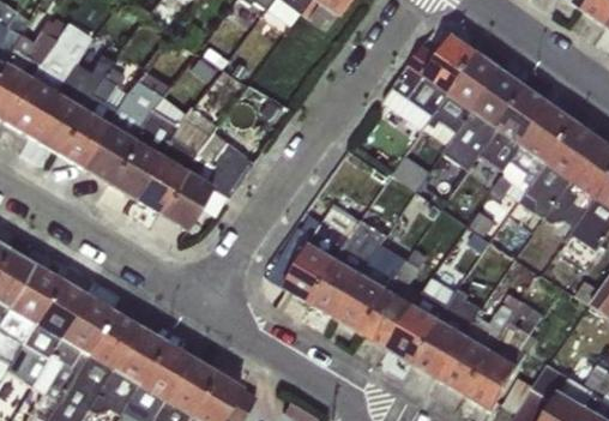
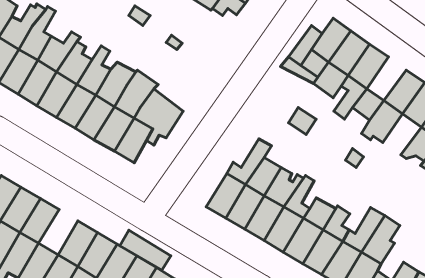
building: [498,86,550,145] -> none
building: [519,163,571,218] -> none
building: [56,291,109,353] -> none
building: none -> [120,230,171,270]

